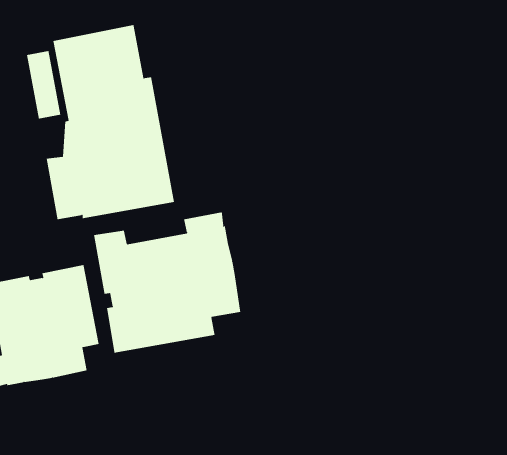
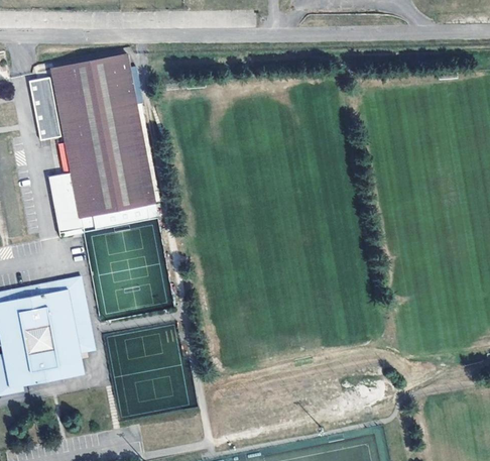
building: [94,211,241,354] -> none

